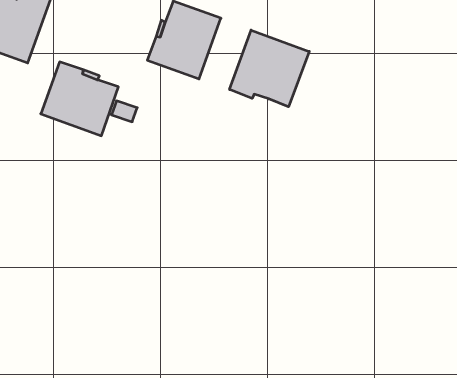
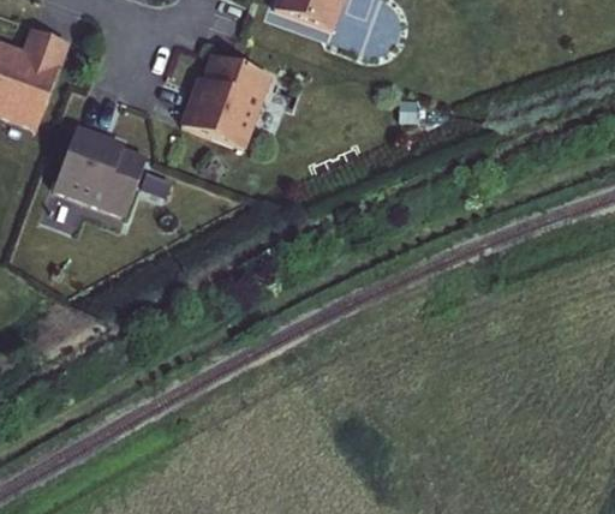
building: [230,30,309,107] -> none

